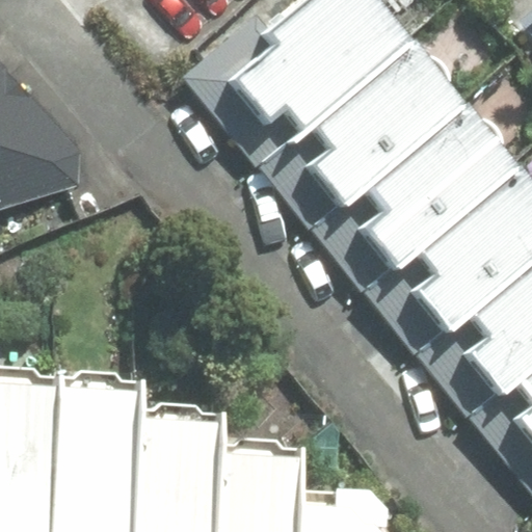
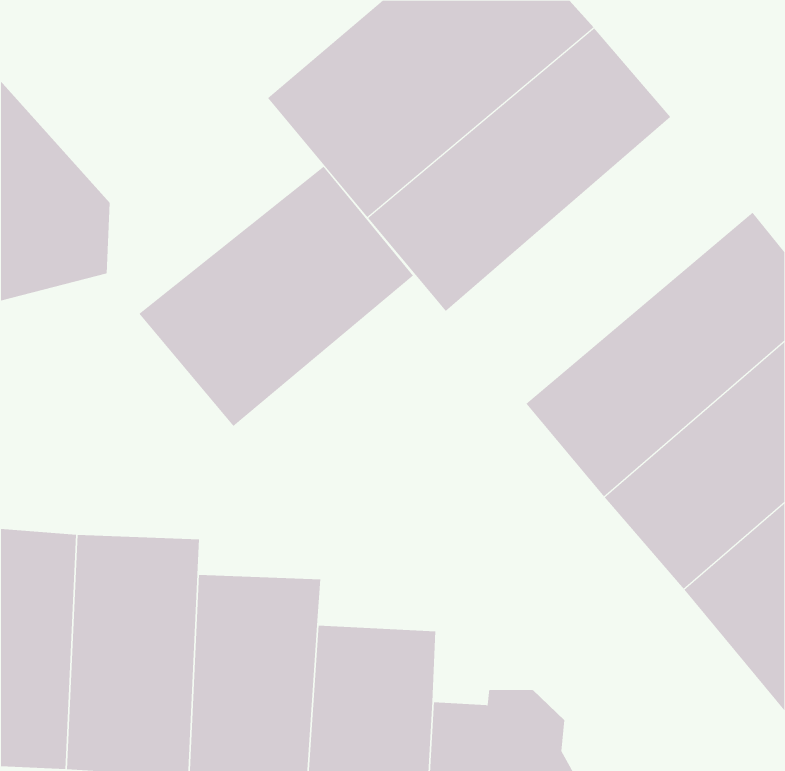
building: [301,88,509,283] -> none
building: none -> [139,166,414,427]

